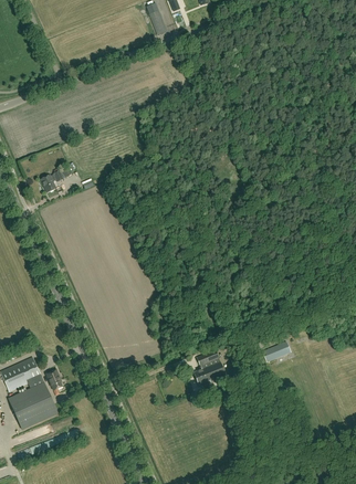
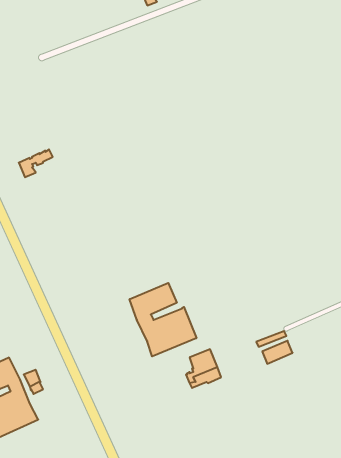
building: none -> [130,283,196,356]

